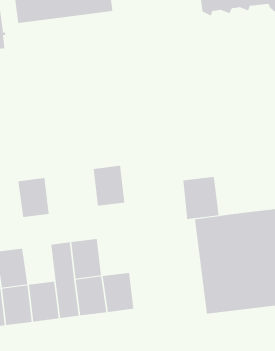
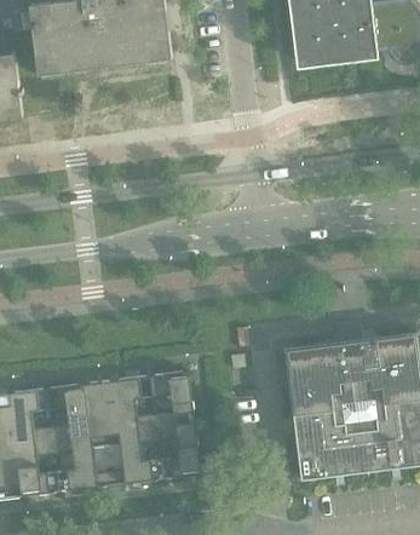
building: [93,165,125,206] -> [149,370,194,427]
building: [183,176,219,220] -> none
building: [17,178,50,218] -> [45,384,90,439]

